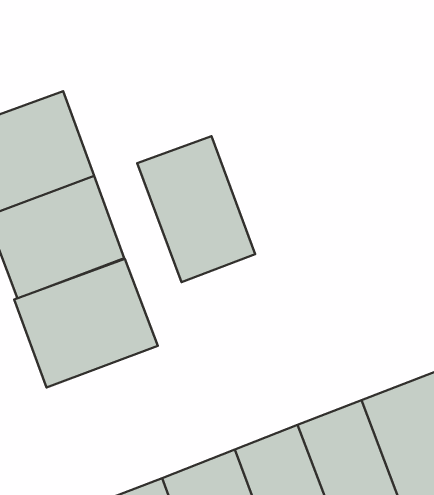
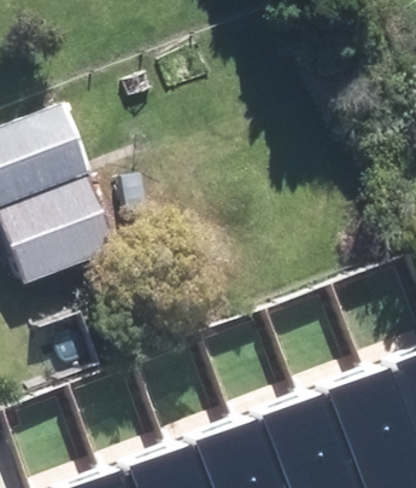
building: [137,136,255,282] -> none
building: [14,259,158,388] -> none

